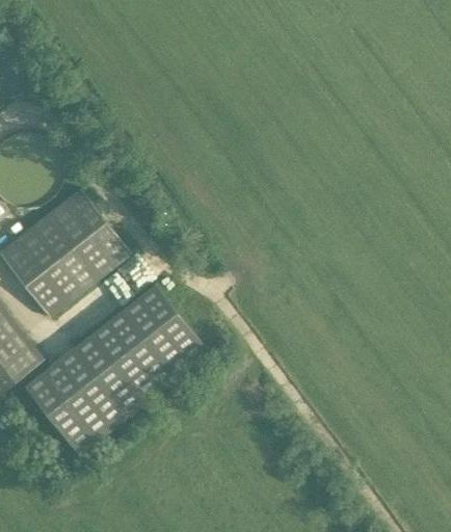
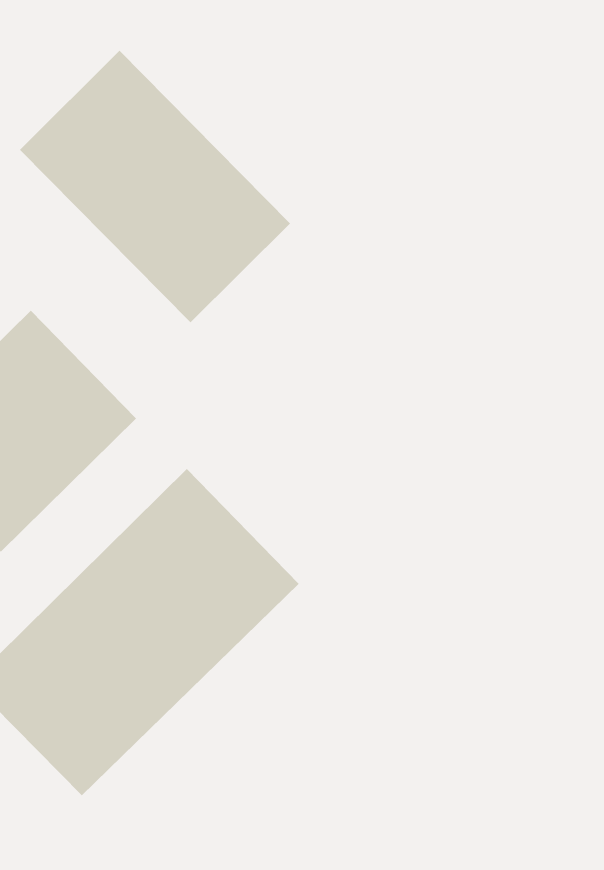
building: none -> [19,50,291,323]

